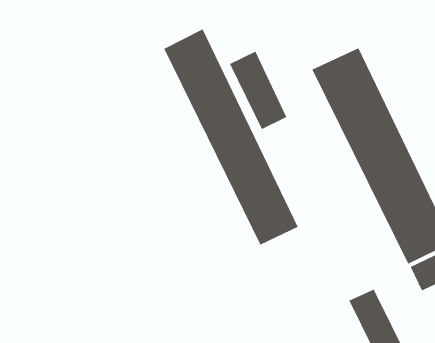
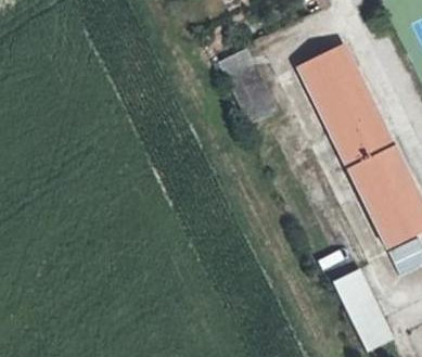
building: [164,28,298,246] -> none

